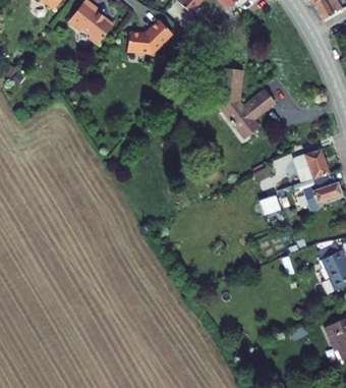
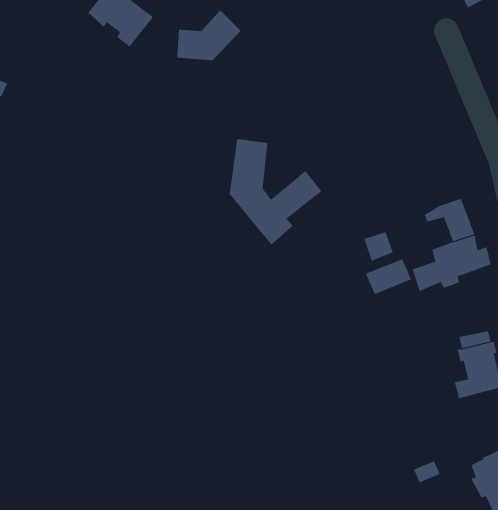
building: [221,63,284,135] -> [229,138,322,245]

